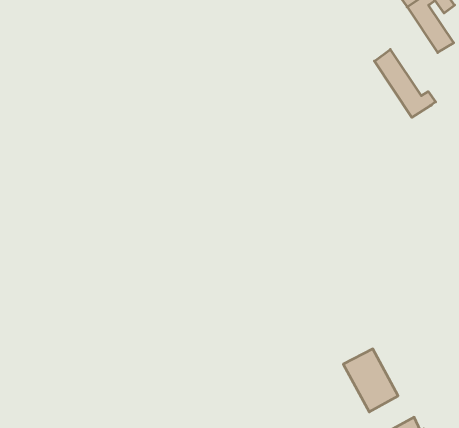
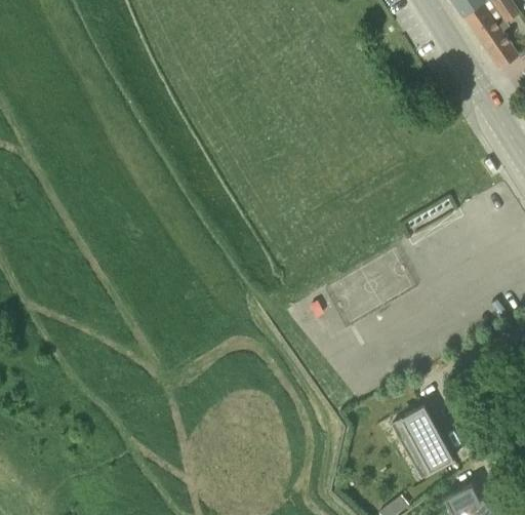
building: [374,49,436,117] -> none

